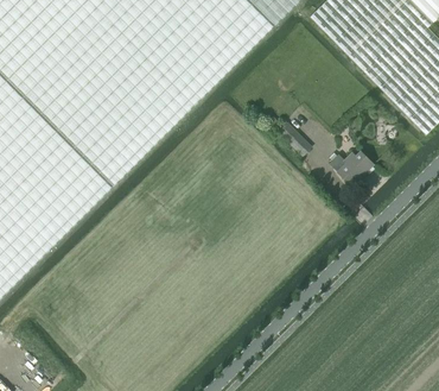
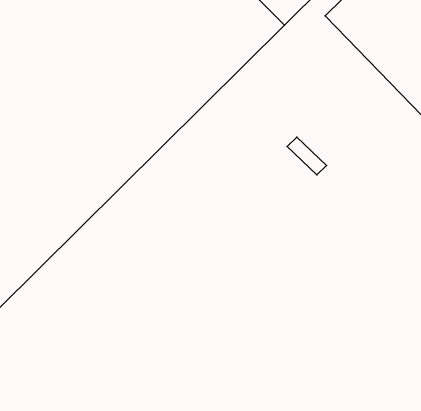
building: [329,151,373,185] -> none

